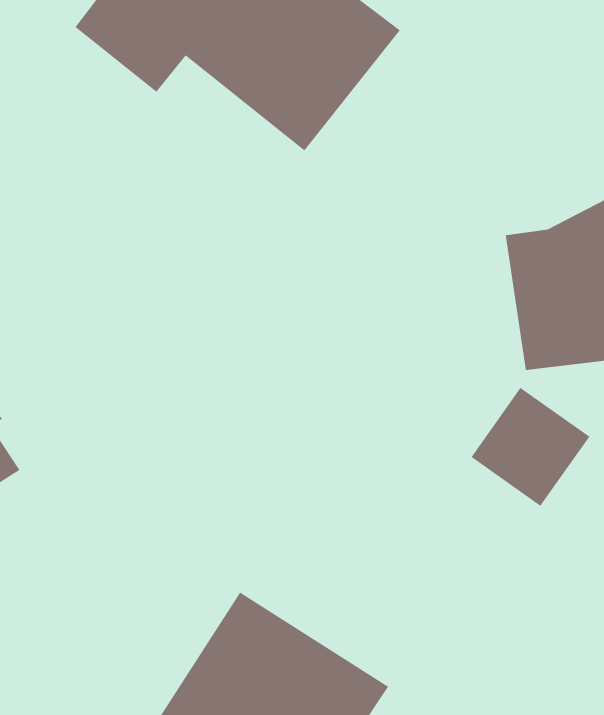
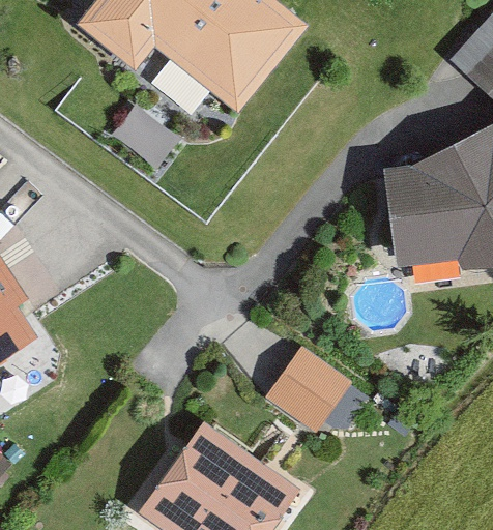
building: [470,387,590,507] -> [267,347,352,432]

